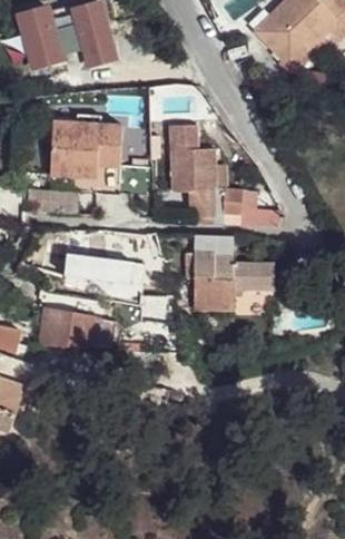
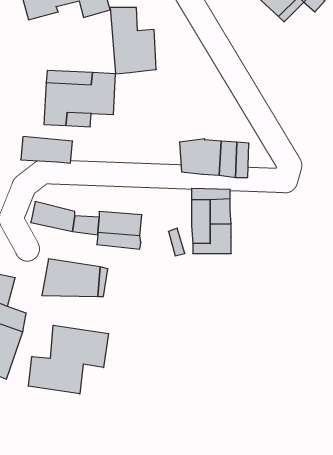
building: [165,126,211,193] -> [110,8,156,74]
building: [236,261,273,287] -> none
building: none -> [28,325,109,394]

